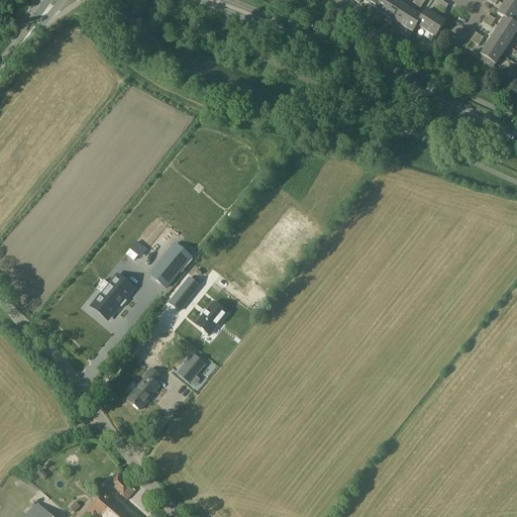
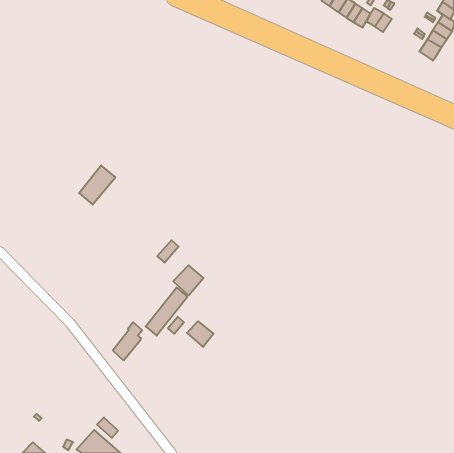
building: [149,242,191,287] -> [79,165,115,205]
building: [88,272,132,318] -> none
building: none -> [187,321,214,347]

